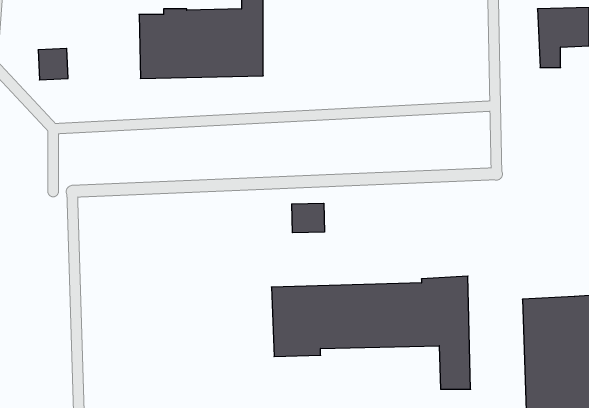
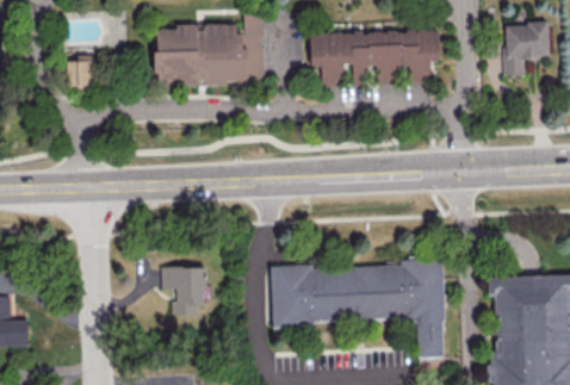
building: none -> [310,30,440,87]
building: [292,203,324,233] -> none
building: none -> [161,267,204,316]

